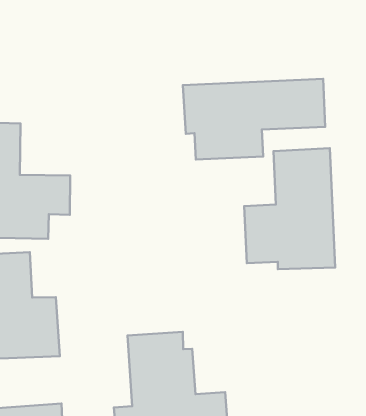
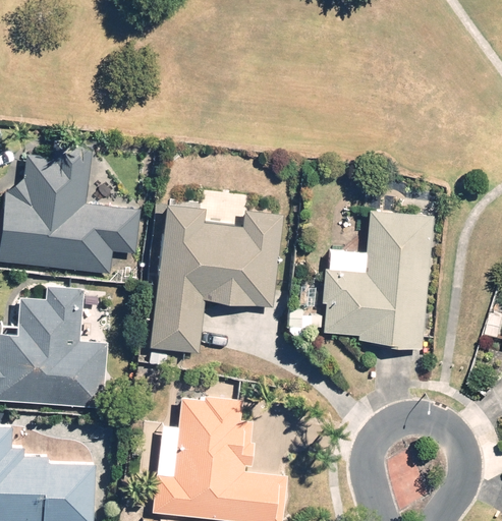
building: [183,79,325,159] -> none
building: none -> [150,205,281,351]

